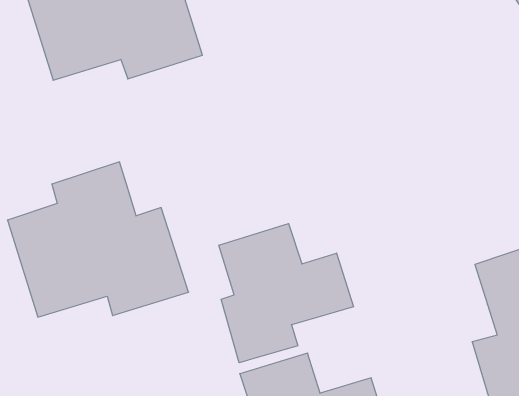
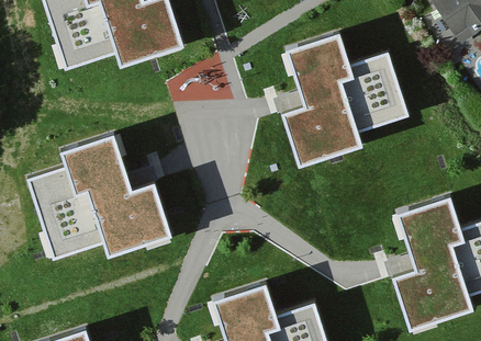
building: none -> [281,34,409,166]
building: [219,224,354,363] -> none

